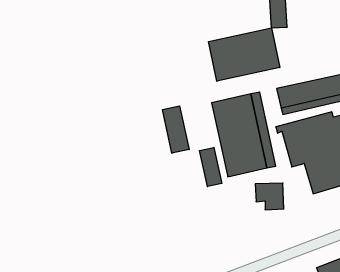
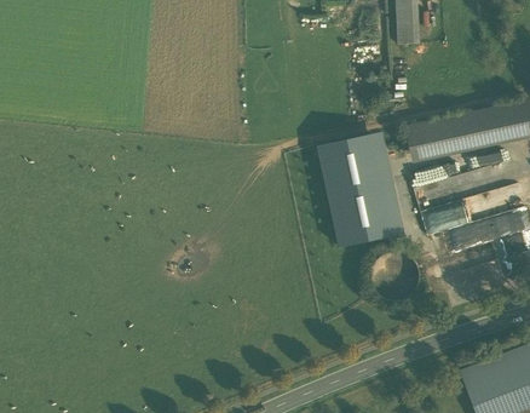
building: [209,28,280,81] -> none
building: [163,106,189,153] -> none
building: [200,147,222,187] -> none

